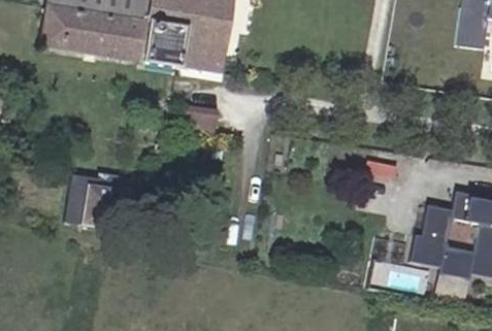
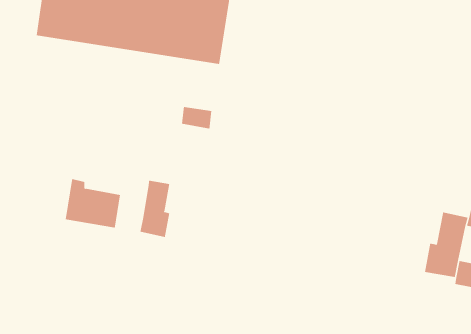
building: none -> [140,180,170,238]

